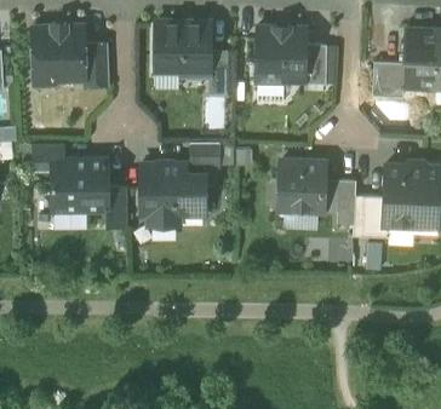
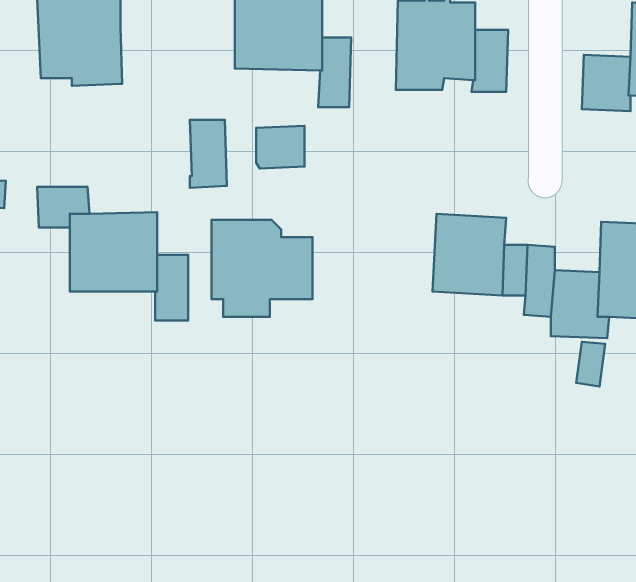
building: [84,44,107,86] -> [190,120,227,188]
building: [189,140,219,167] -> [256,126,304,169]

